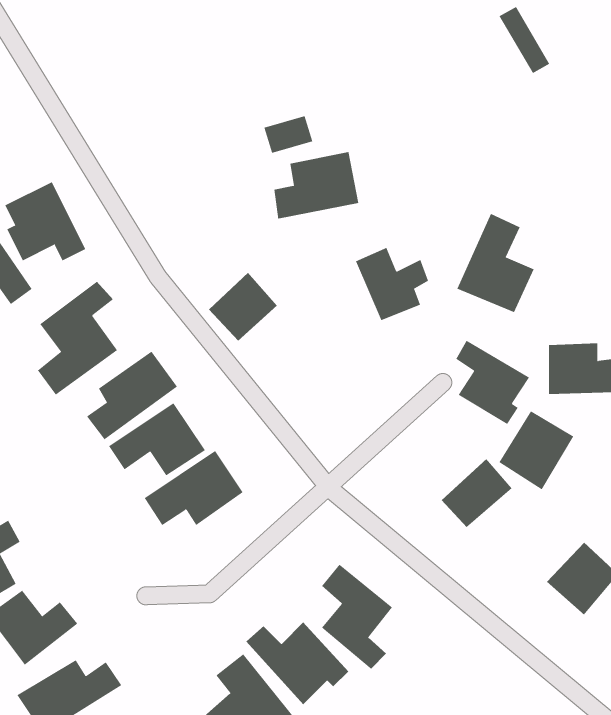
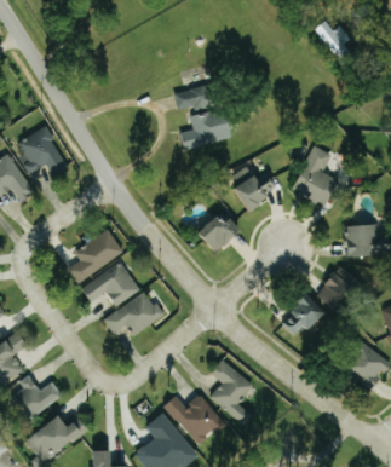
building: [208,272,278,341] -> [199,211,241,253]
building: [37,281,118,396] -> none
building: [455,340,530,425] -> none

